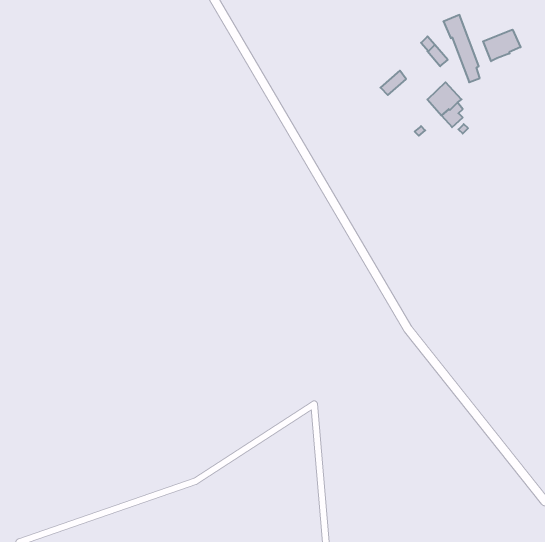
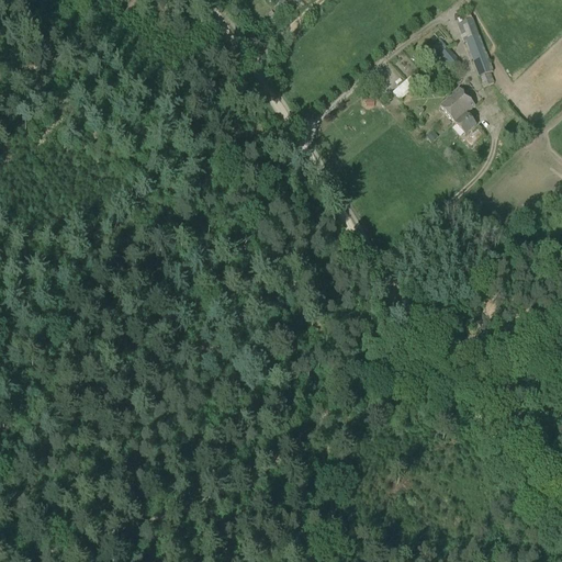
building: [483,30,521,61] -> none

